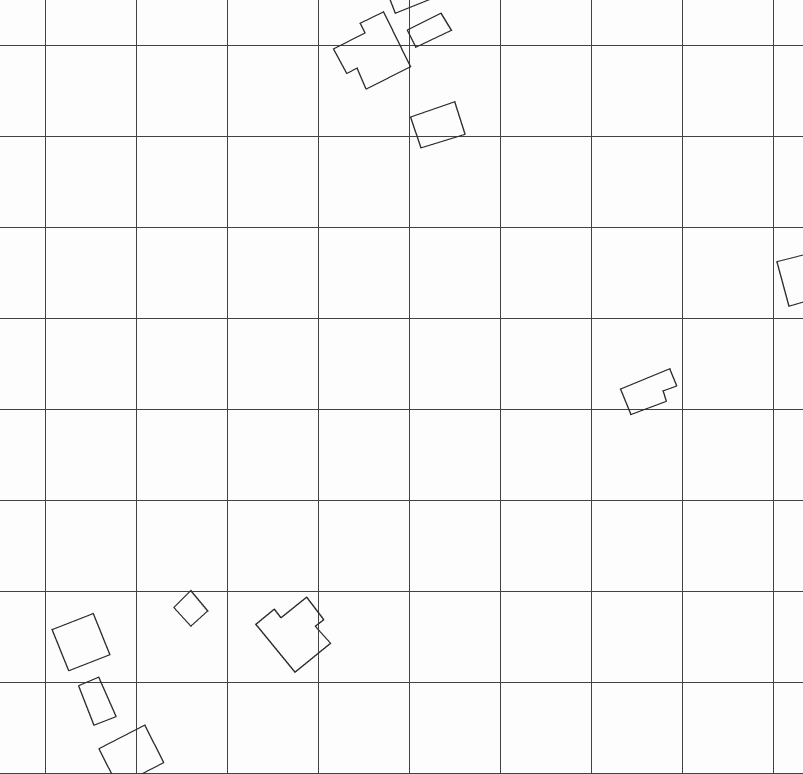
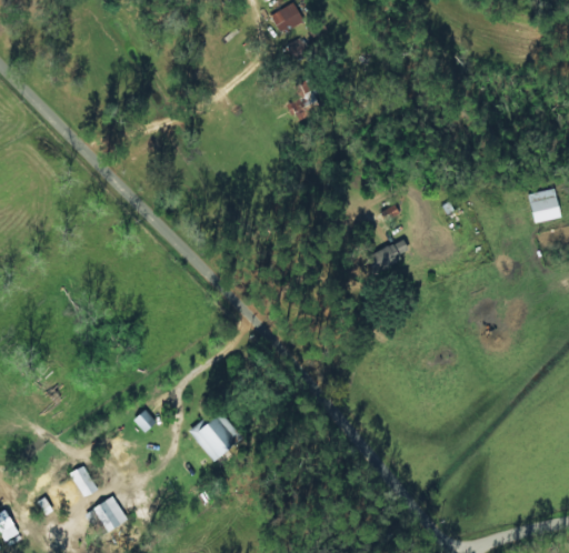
building: [334,12,410,89] -> none
building: [620,369,677,415] -> [372,239,409,269]
building: [52,613,110,671] -> none

